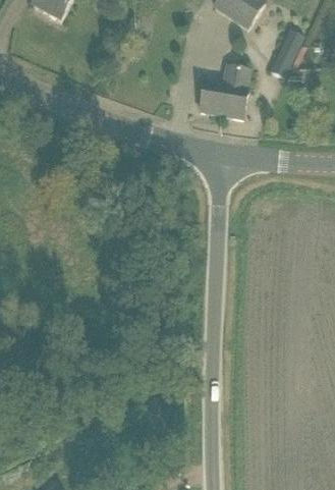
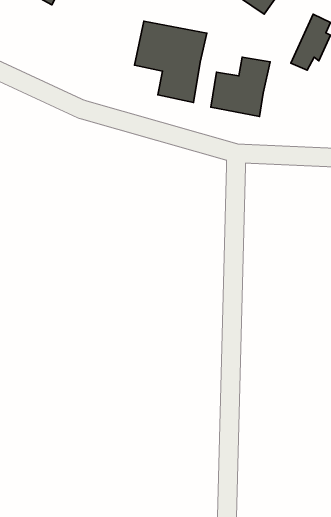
building: none -> [134,21,207,103]

